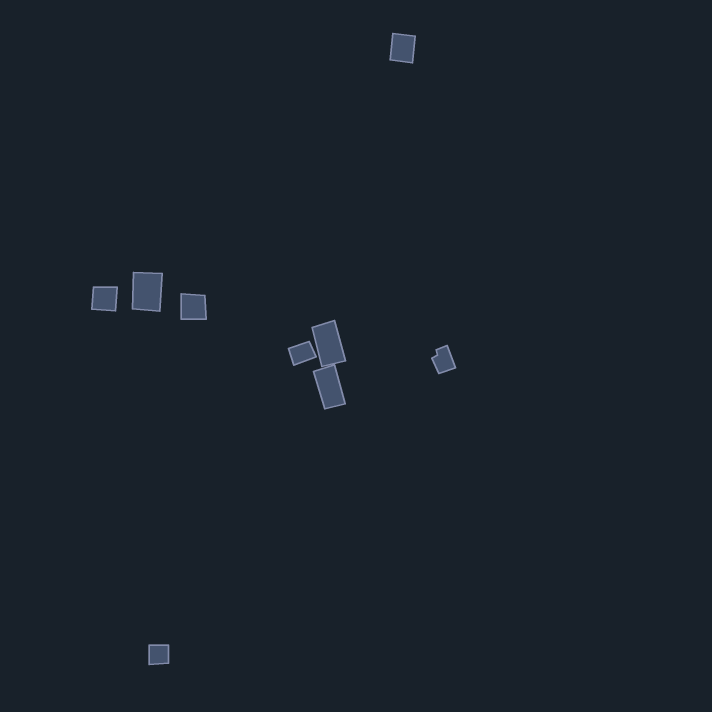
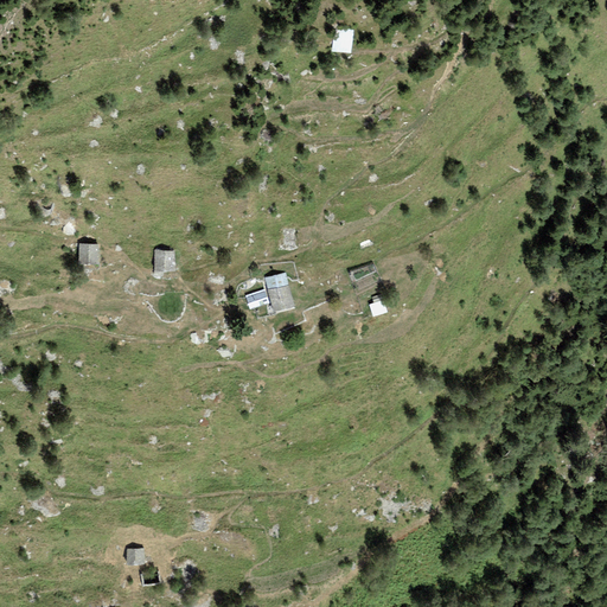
building: [133,273,162,311] -> none
building: [314,365,345,409] -> none

